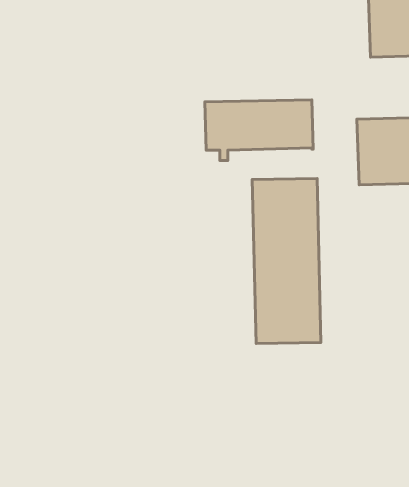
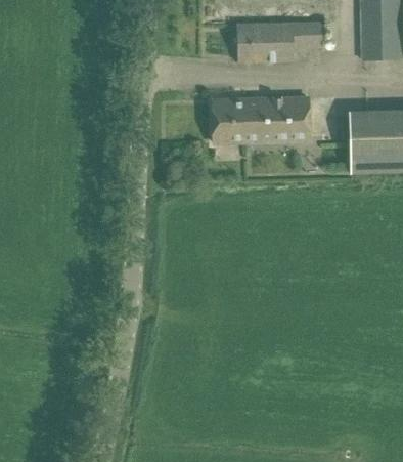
building: none -> [236,19,322,60]
building: [252,179,321,343] -> none

